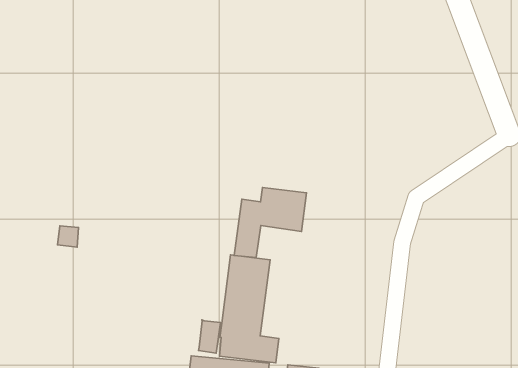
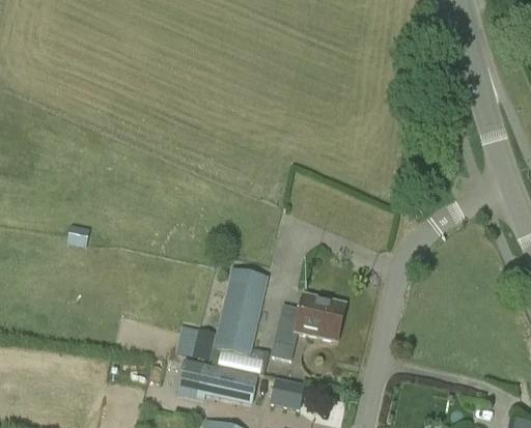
building: [234,187,306,258] -> [271,292,345,359]

